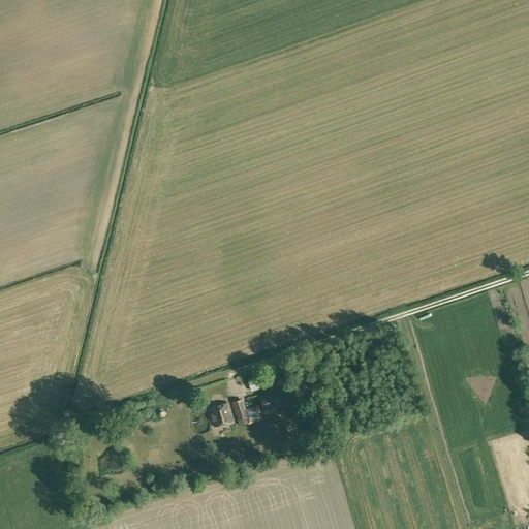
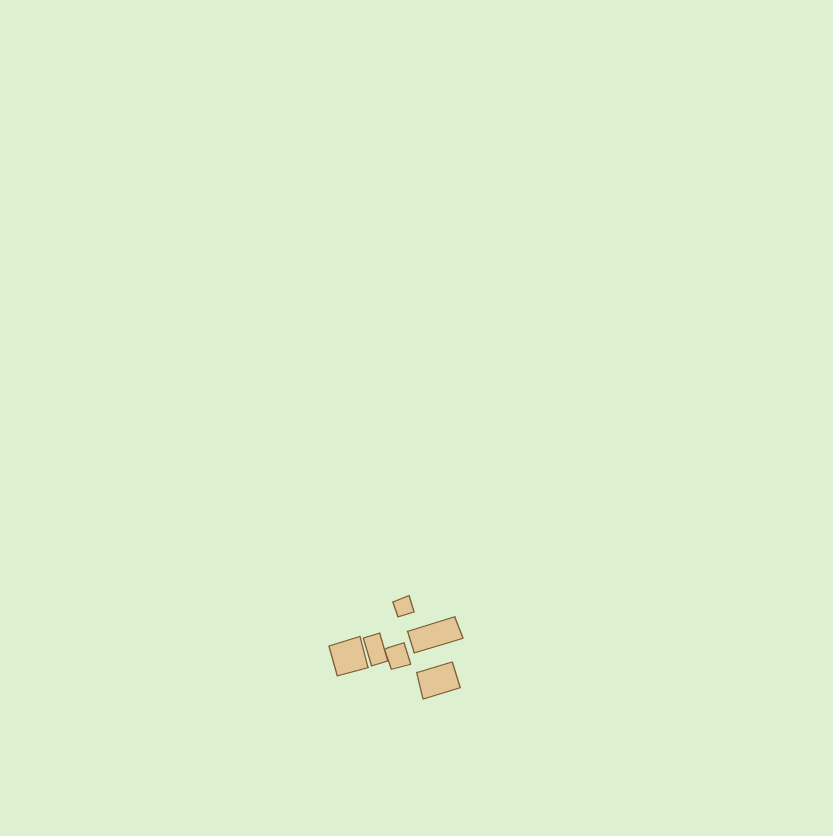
building: none -> [417,662,460,699]

